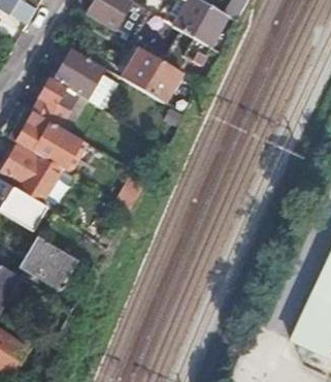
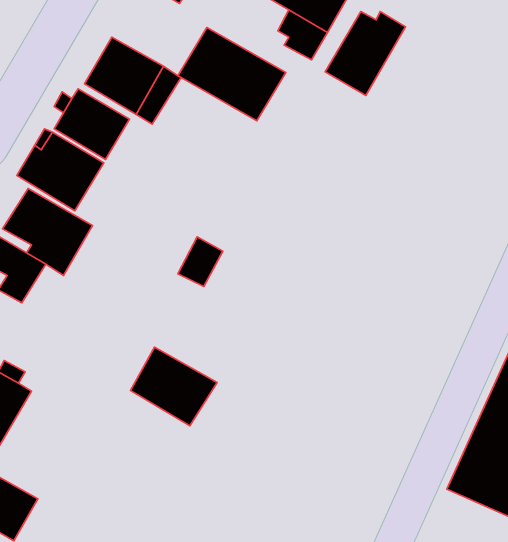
building: none -> [325,11,406,96]
building: [26,240,81,290] -> [130,347,217,426]

